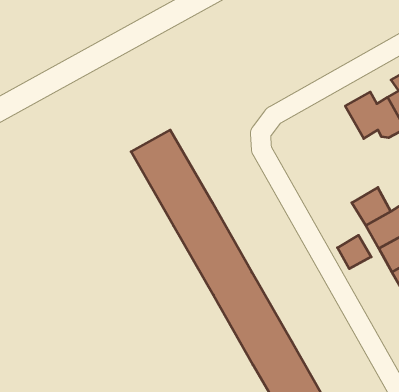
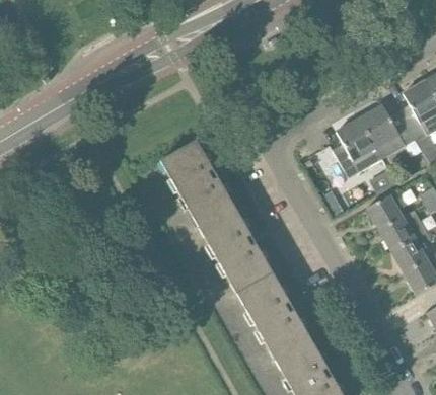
building: none -> [337,117,382,177]
building: [337,235,371,269] -> none

